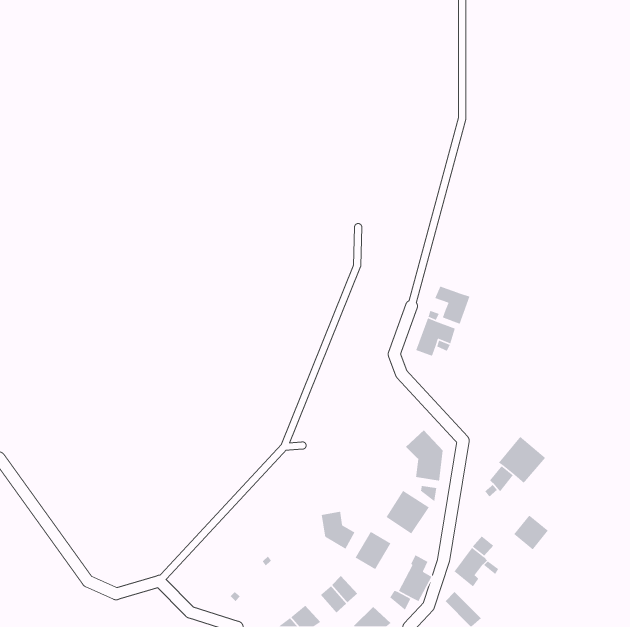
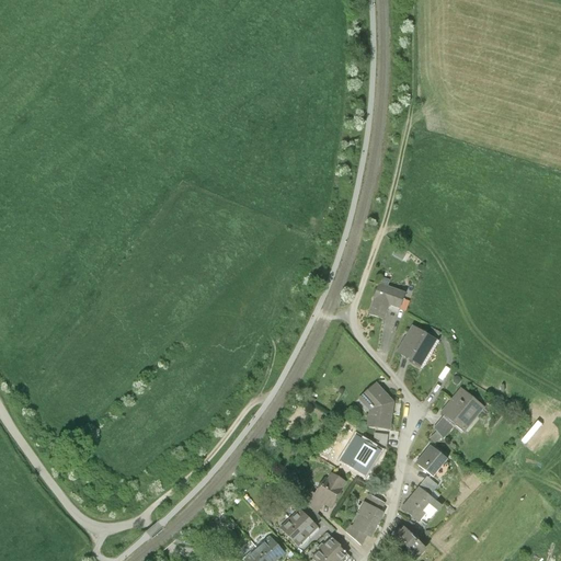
building: [434,285,471,325] -> none
building: none -> [398,324,436,364]
building: [321,511,356,550] -> none
building: [513,515,549,550] -> [416,444,448,476]

